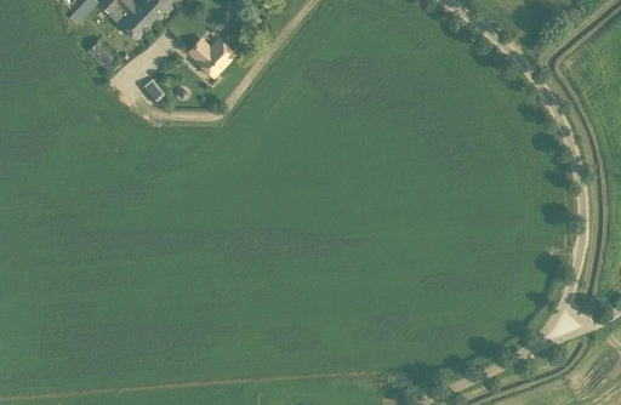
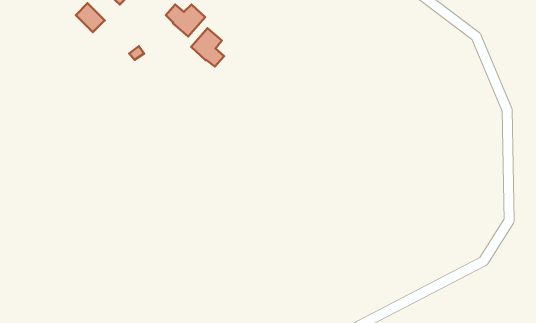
building: none -> [191,28,224,67]

